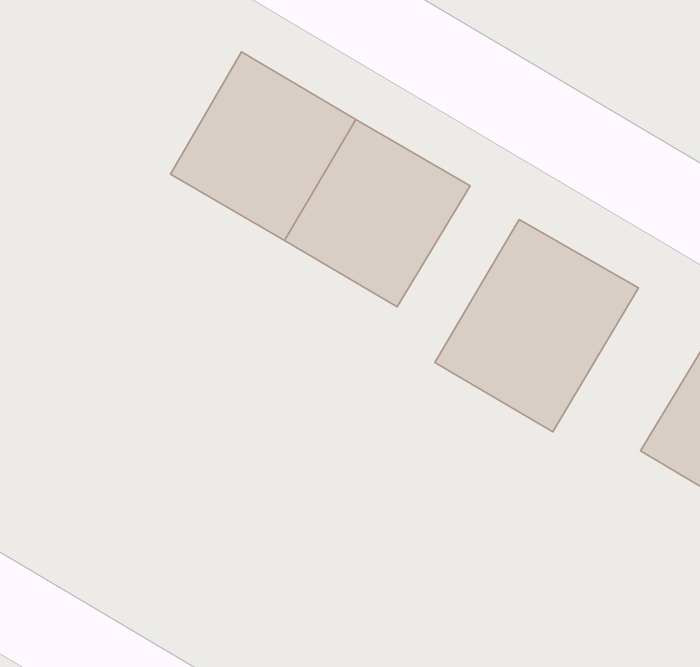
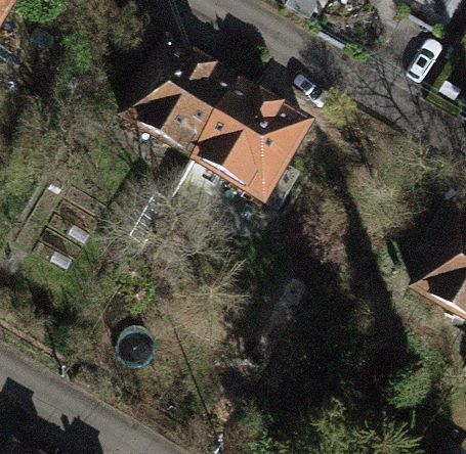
building: [435,220,639,432] -> none

